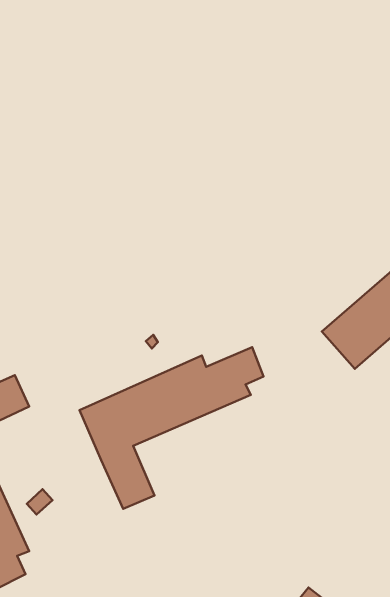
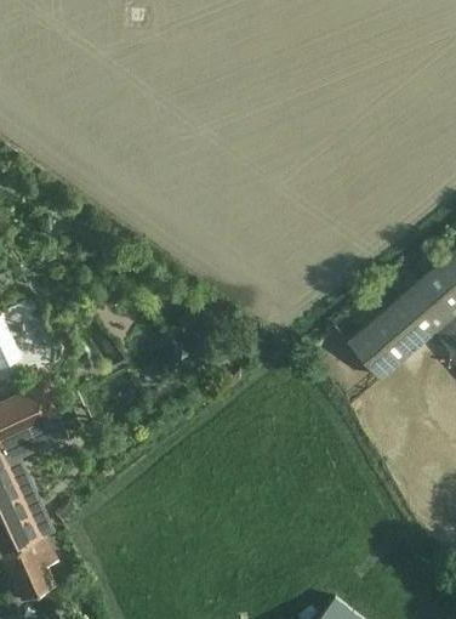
building: [79,347,264,509] -> none

